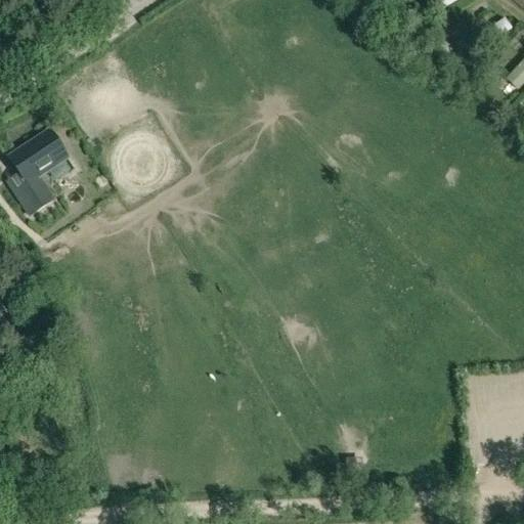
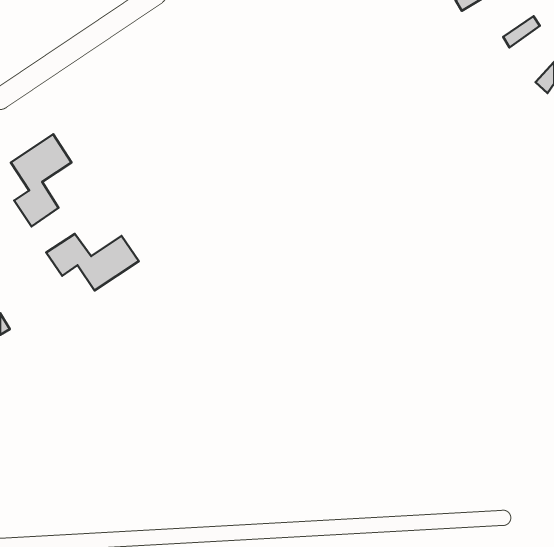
building: none -> [46,234,139,290]

